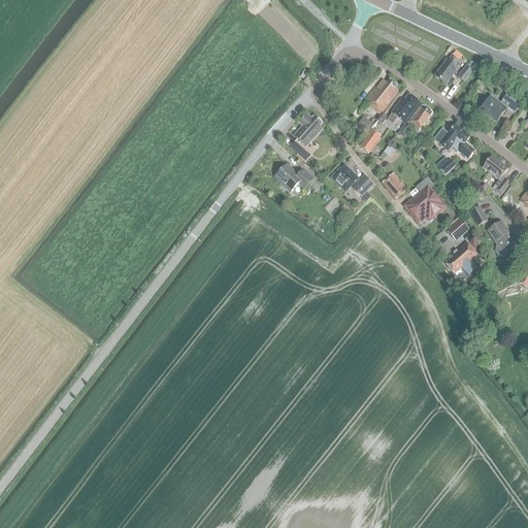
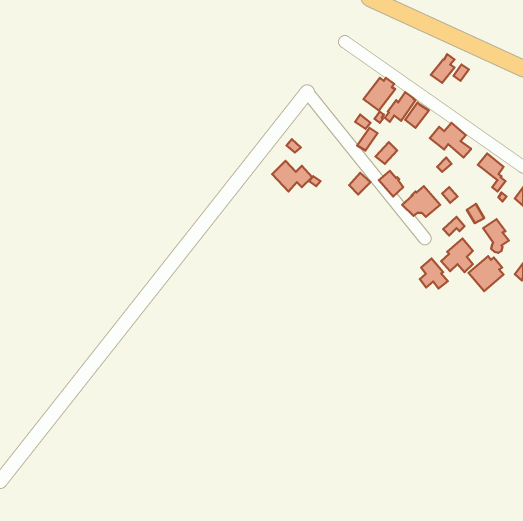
building: [480,90,523,122] -> none
building: [295,112,323,146] -> none
building: [330,164,358,191] -> none
building: none -> [469,256,504,291]
building: none -> [420,258,448,289]

